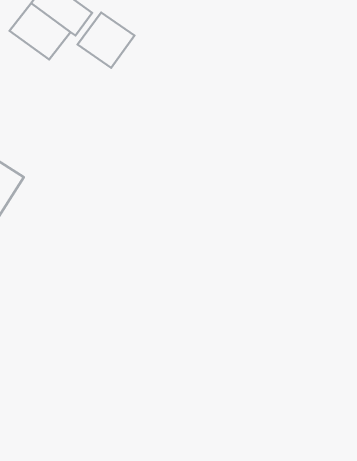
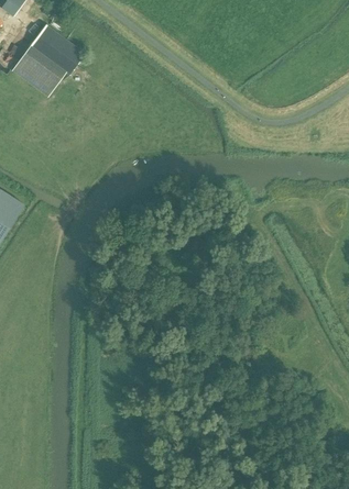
building: [77,12,135,68] -> none

